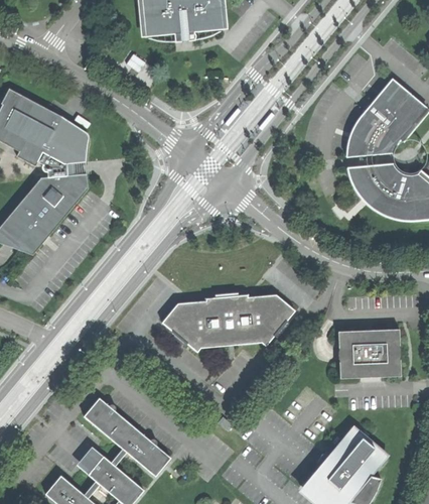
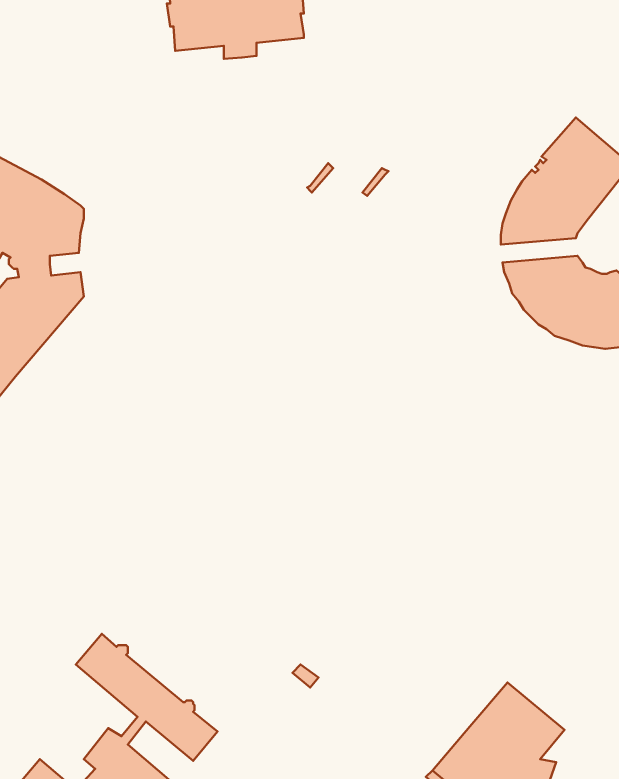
building: [162,295,296,352] -> none
building: [339,330,402,378] -> none
building: [77,447,104,475] -> none

